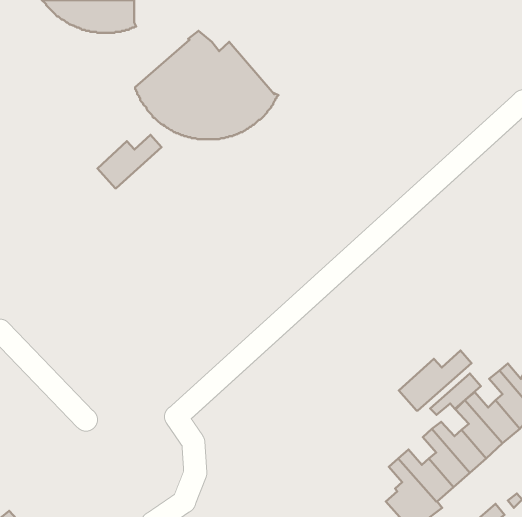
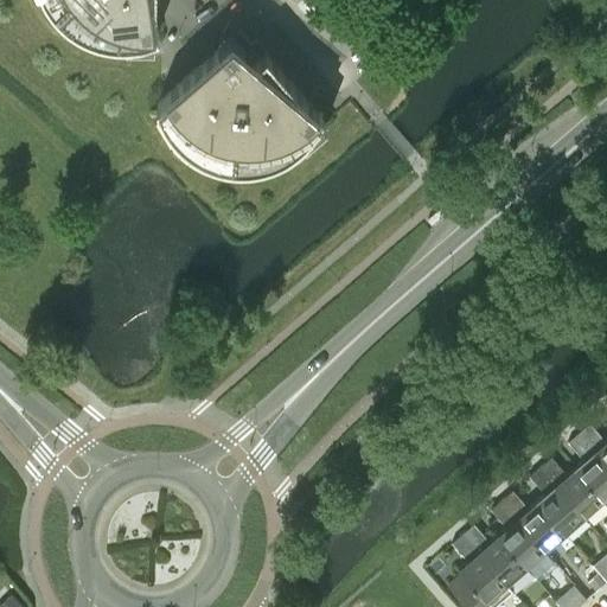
building: [97,135,162,188] -> none
building: [399,350,472,411] -> none
building: [430,373,481,415] -> none

